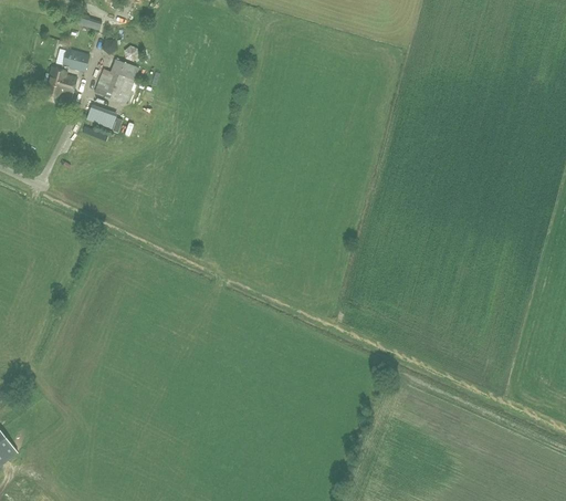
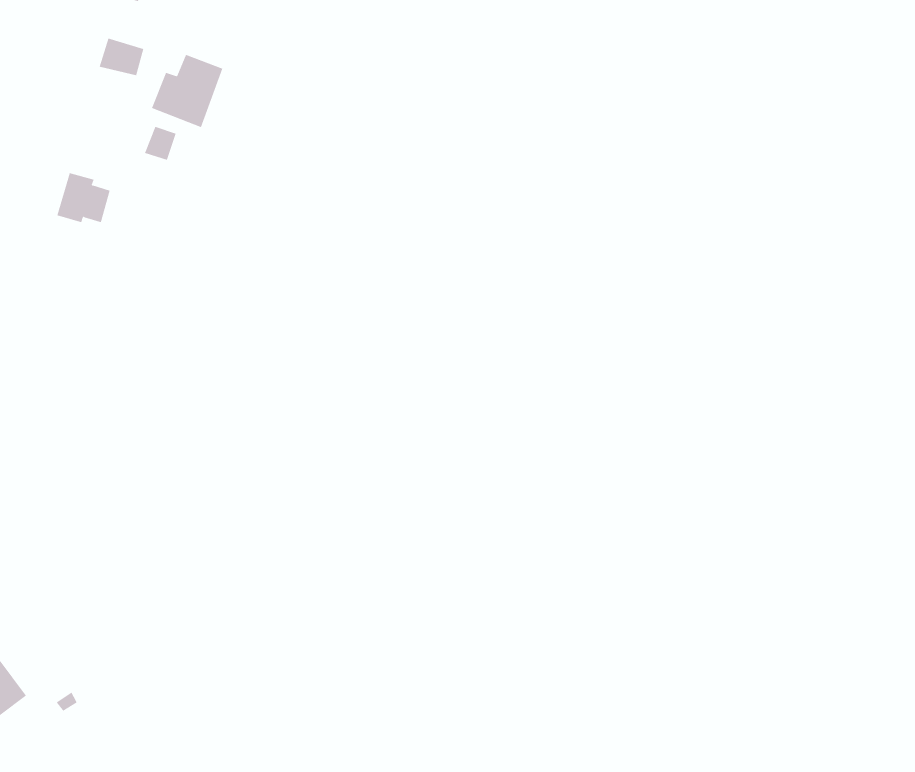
building: [44,67,77,98] -> [57,172,111,223]

